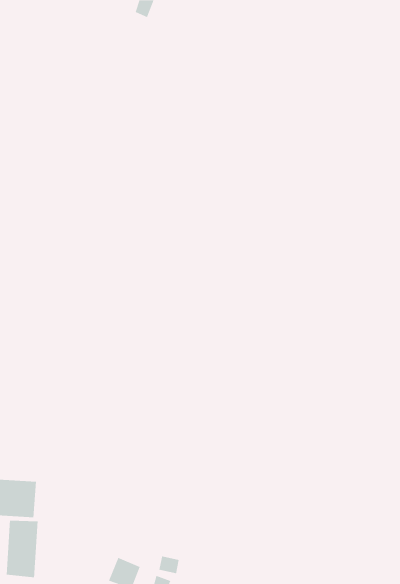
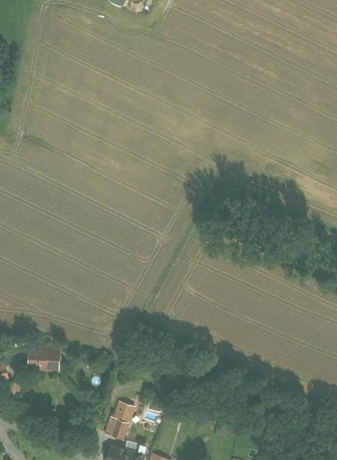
building: [6,520,38,578] -> none

